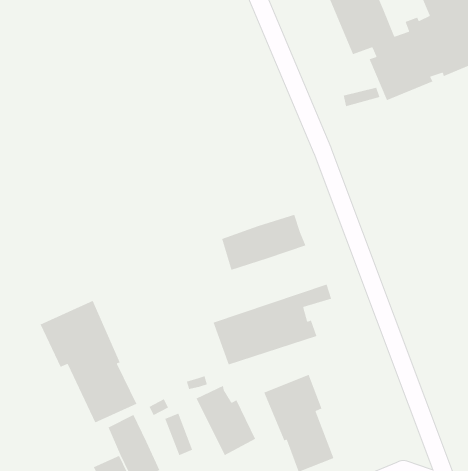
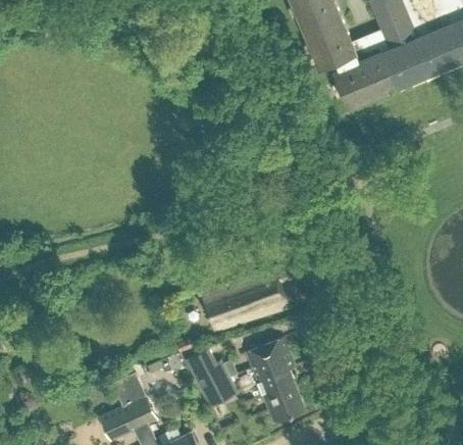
building: [221,214,306,271] -> none
building: [39,300,137,424] -> none

